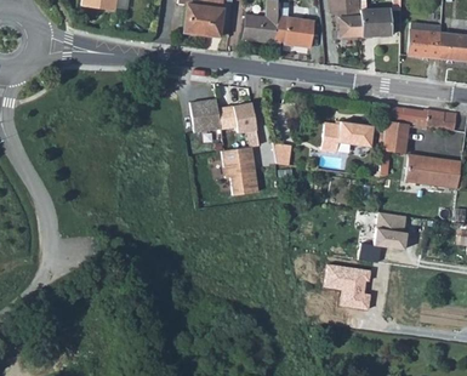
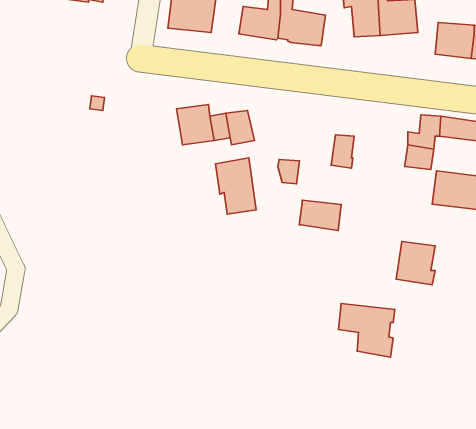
building: [337,121,372,147] -> [299,200,341,231]

